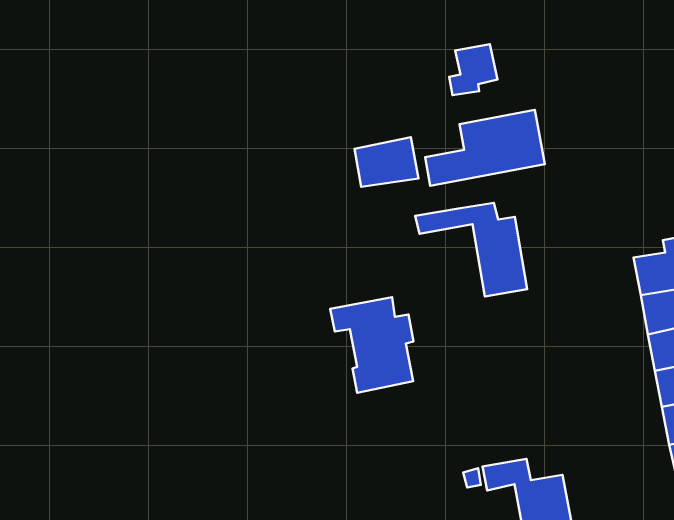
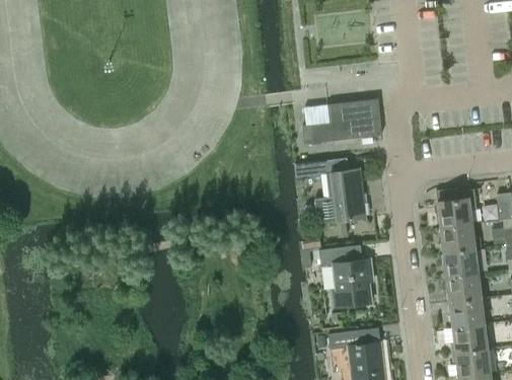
building: [449,44,497,95] -> none
building: [355,137,418,187] -> none
building: [330,297,413,393] -> [319,246,373,308]

